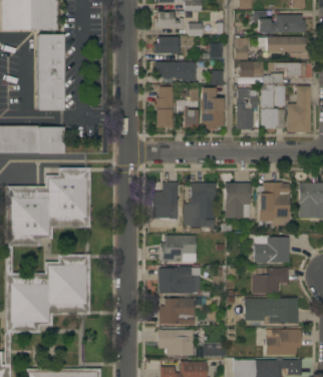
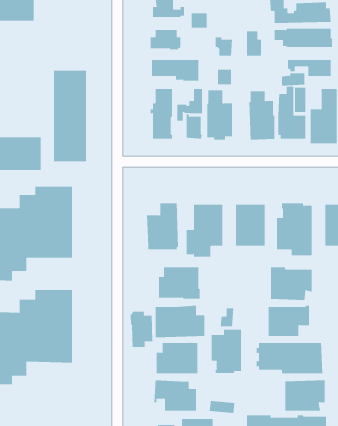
building: [37,34,65,110] -> [53,70,87,162]
building: [238,61,264,77] -> none
building: none -> [130,311,153,348]
building: none -> [211,329,242,374]

